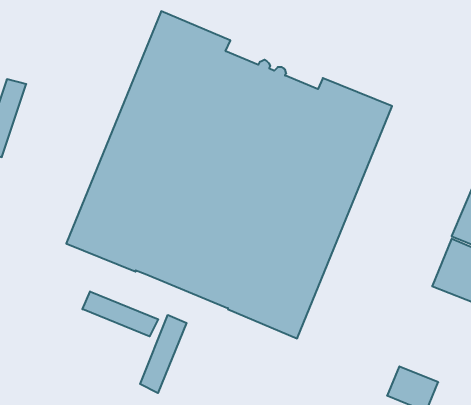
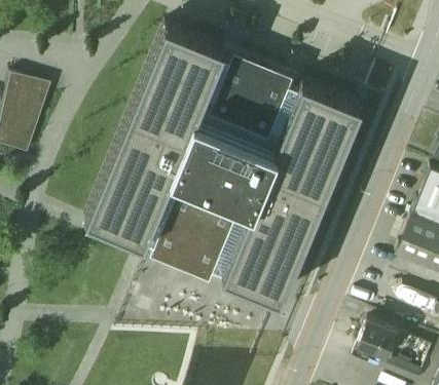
building: [82,291,158,336] -> none
building: [140,315,187,393] -> none

